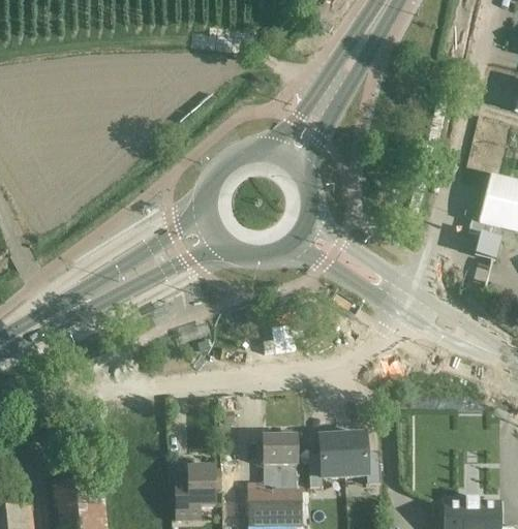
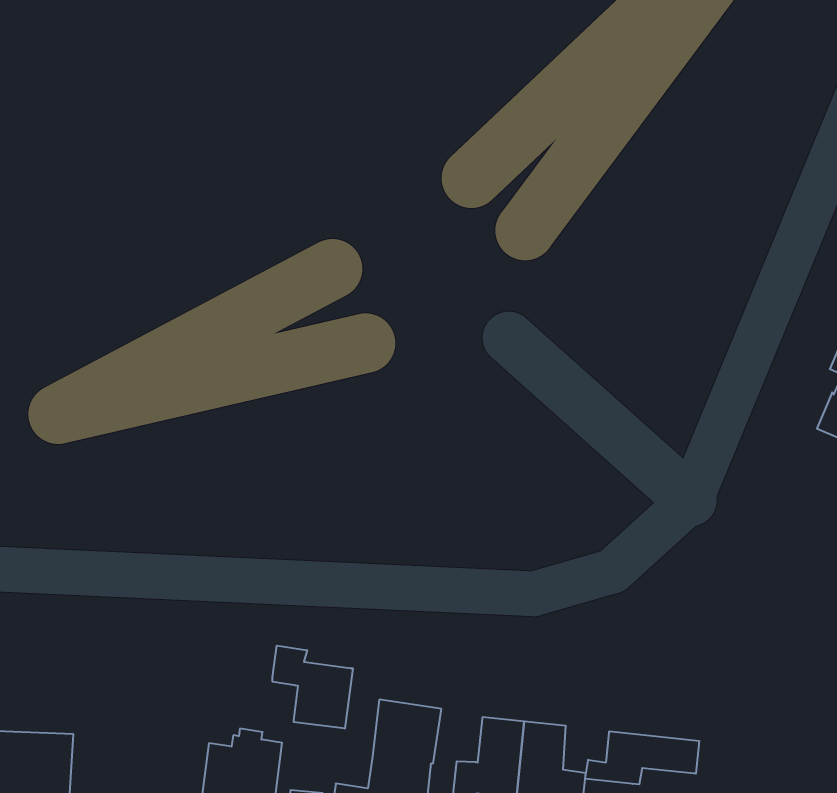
building: none -> [272,646,353,729]
building: none -> [585,731,699,784]

